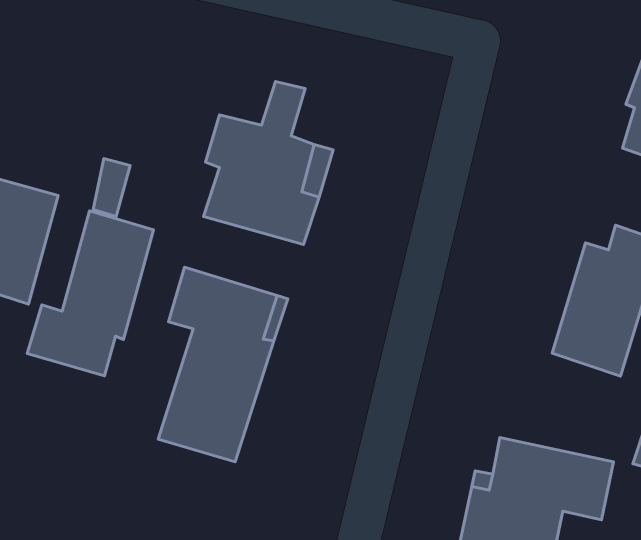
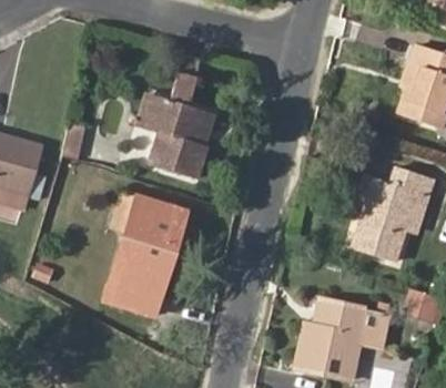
building: [27,211,154,376] -> none

